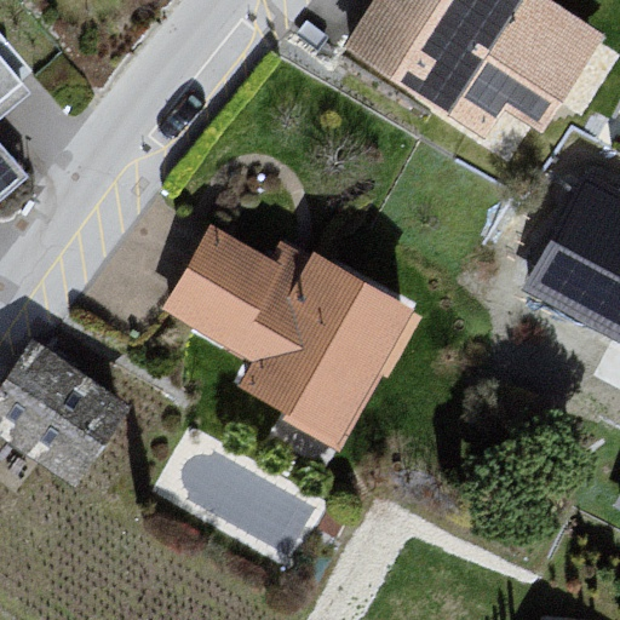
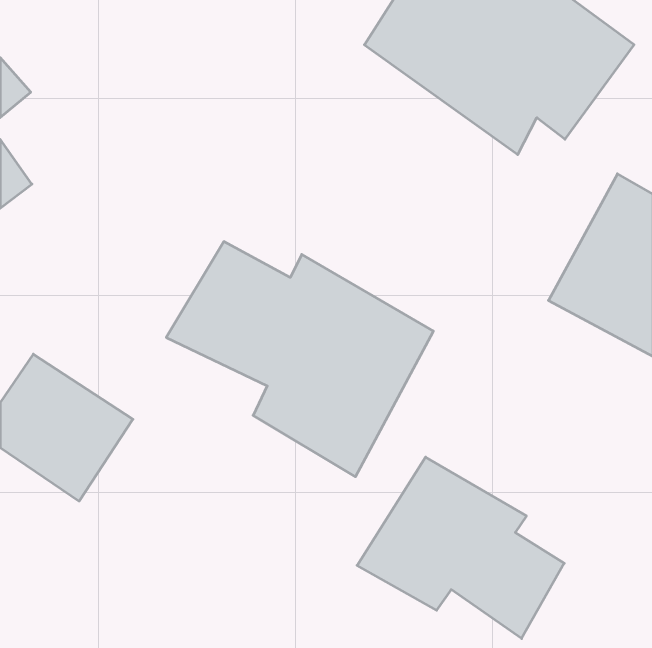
building: none -> [357,457,564,639]

